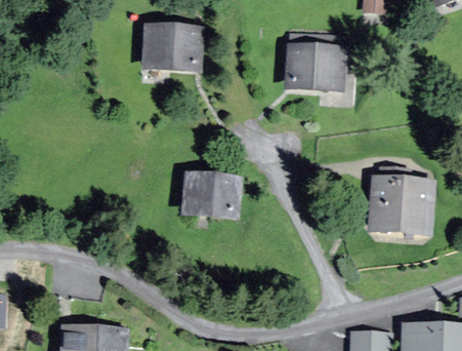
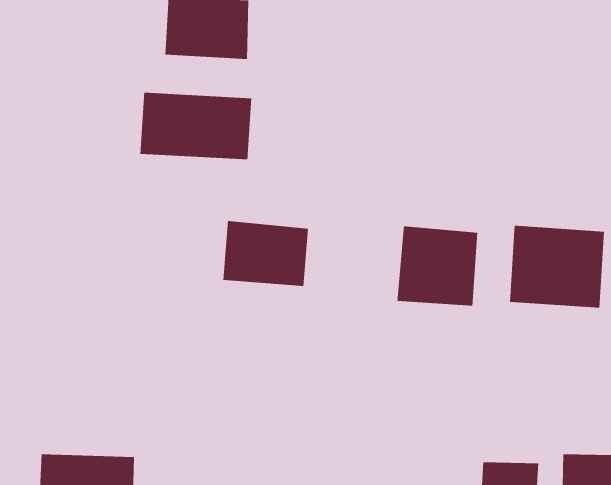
building: [285,44,343,87] -> none
building: none -> [140,92,252,160]
building: none -> [397,225,478,306]

